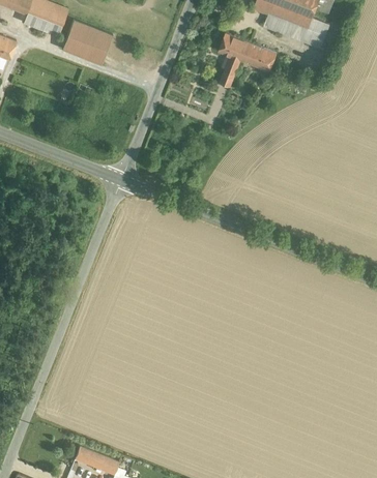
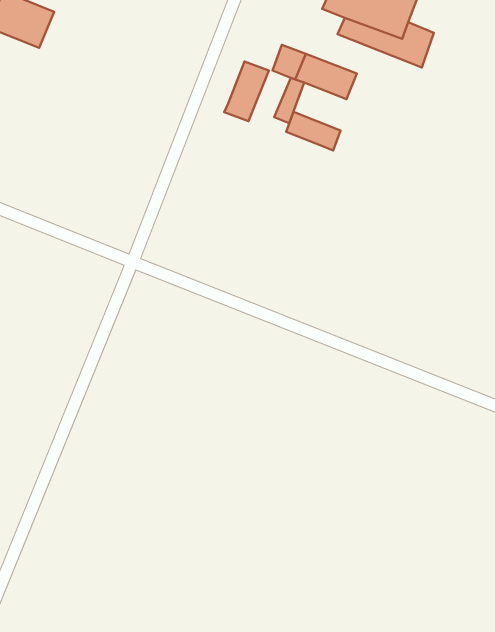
building: [63,22,115,67] -> none
building: none -> [224,62,269,121]
building: none -> [286,112,341,151]

